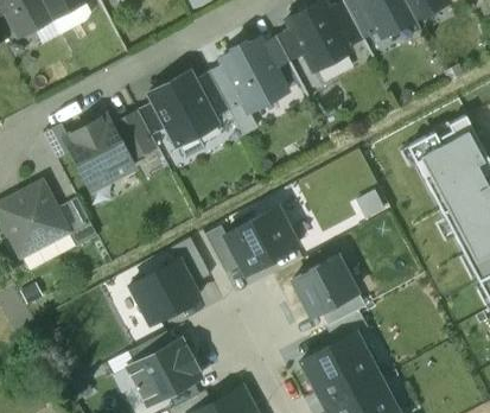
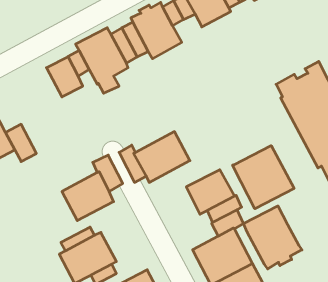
building: [64,115,134,190] -> none
building: none -> [233,146,294,209]
building: none -> [243,206,302,269]

